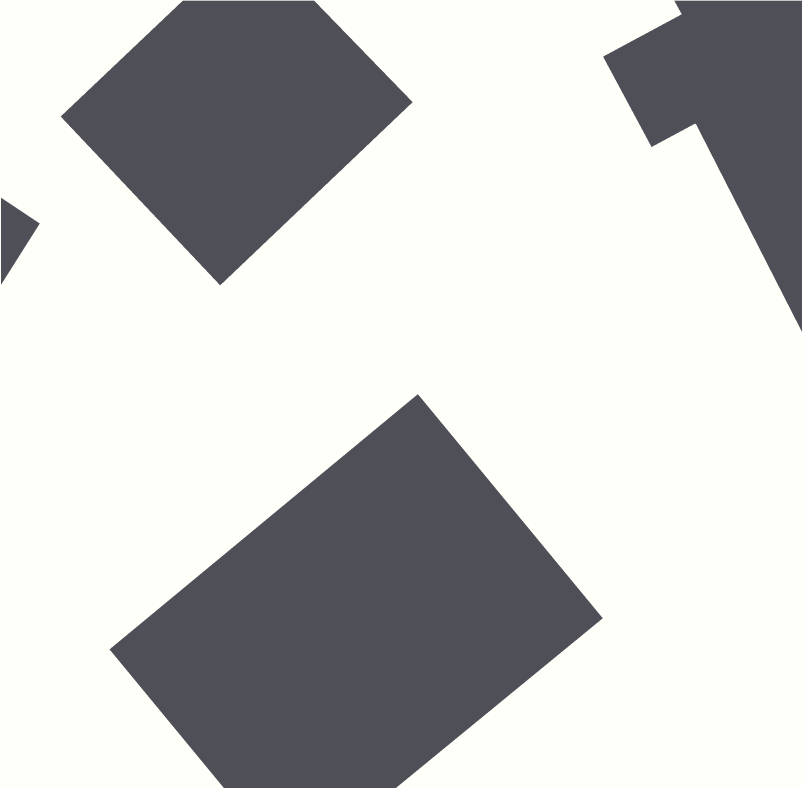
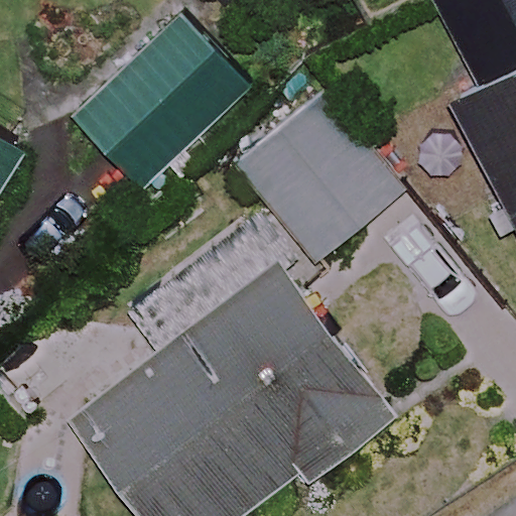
building: none -> [229,93,401,265]

